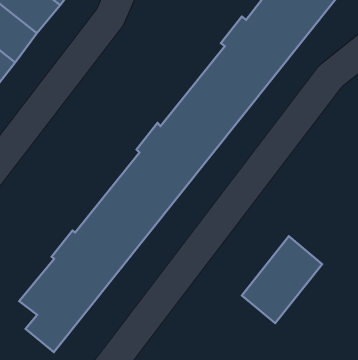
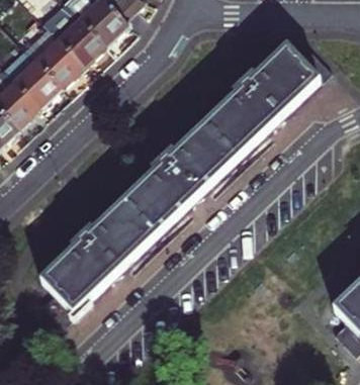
building: [242,236,322,323] -> none

